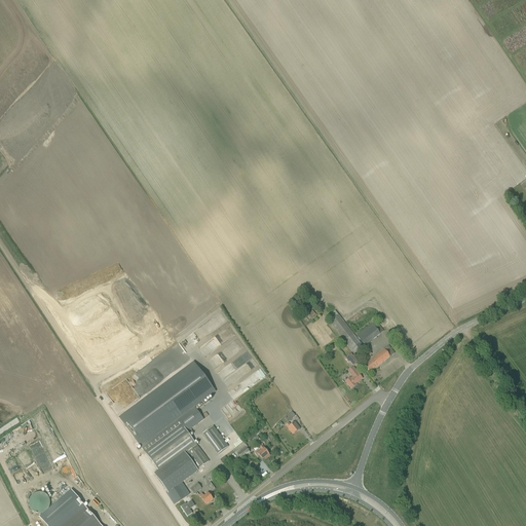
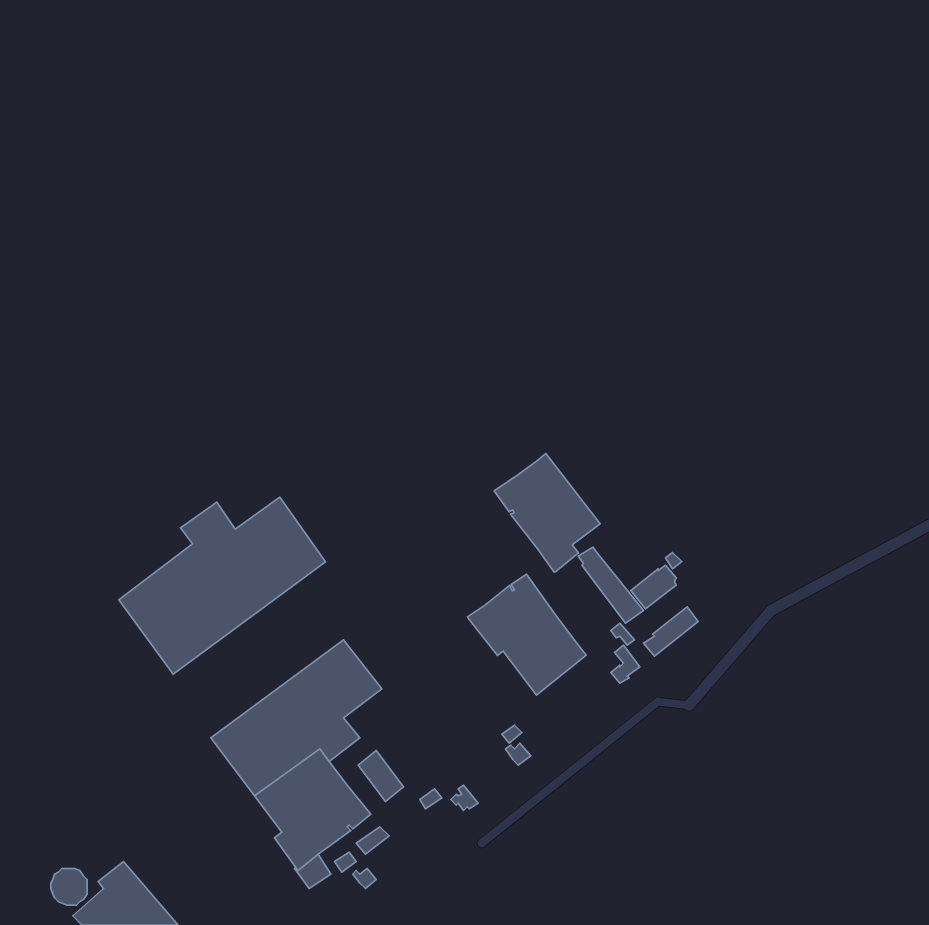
building: none -> [494,454,600,572]
building: none -> [119,497,325,674]
building: none -> [467,574,586,695]

